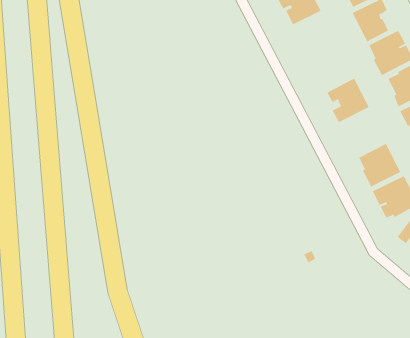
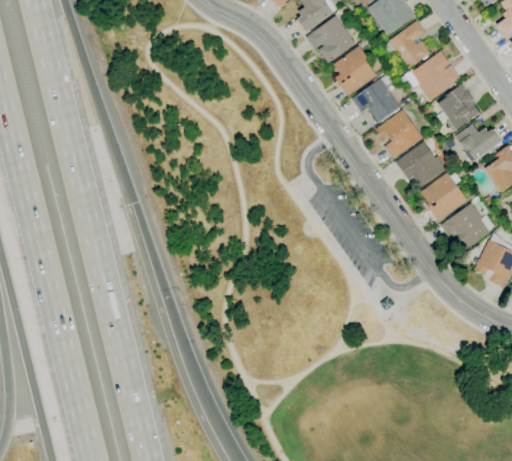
building: none -> [333,45,377,96]
building: none -> [352,73,400,122]
building: none -> [395,141,446,187]

